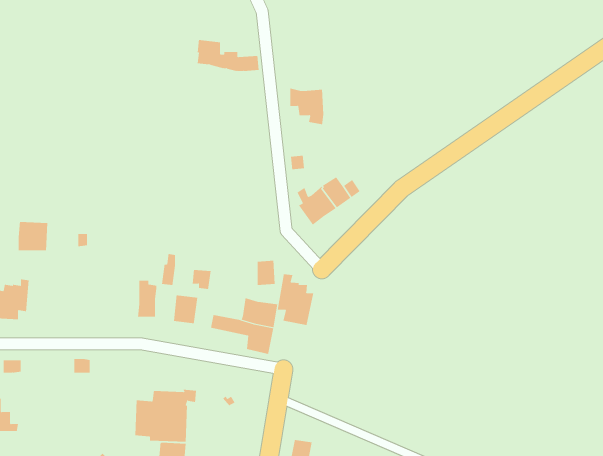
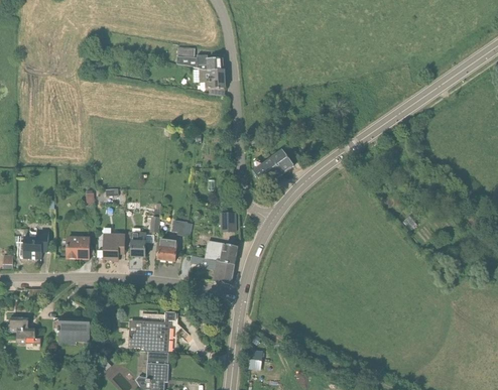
building: [290,88,324,125] -> [199,68,225,96]
building: [18,221,48,251] -> [67,236,90,258]
building: [277,273,314,326] -> none
building: none -> [103,227,125,259]
building: none -> [53,317,90,344]

